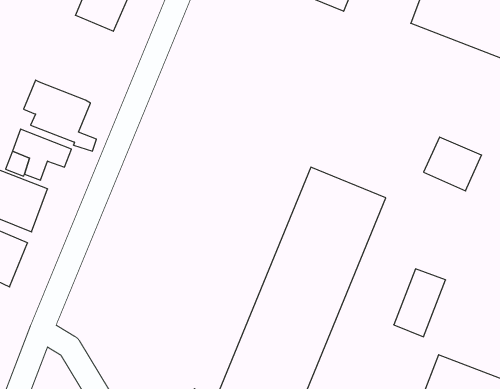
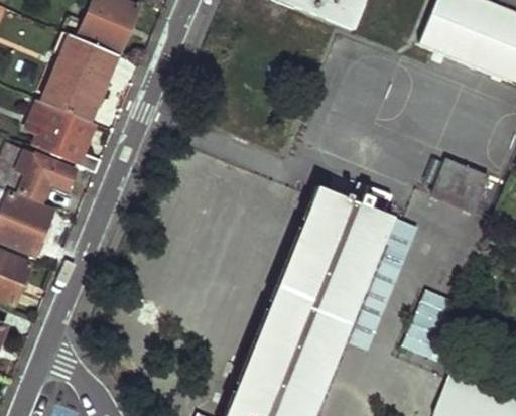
building: none -> [45,34,119,119]
building: none -> [345,218,419,351]

